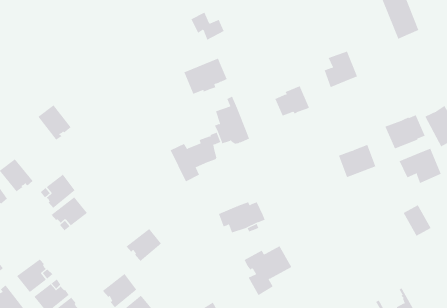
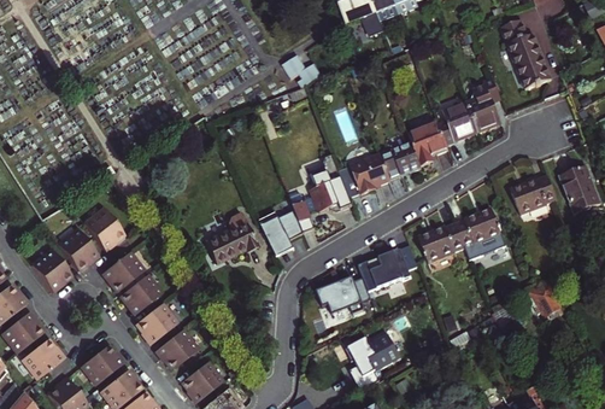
building: none -> [466,77,500,130]
building: [183,58,228,95] -> [337,151,389,194]
building: none -> [409,123,448,166]
building: [38,105,71,140] -> [82,206,122,249]
building: none -> [205,214,257,258]
building: [399,148,441,184] -> none
building: none -> [419,223,465,263]
building: none -> [357,246,417,293]
building: none -> [134,302,175,343]
building: [126,228,162,262] -> [152,328,194,368]

